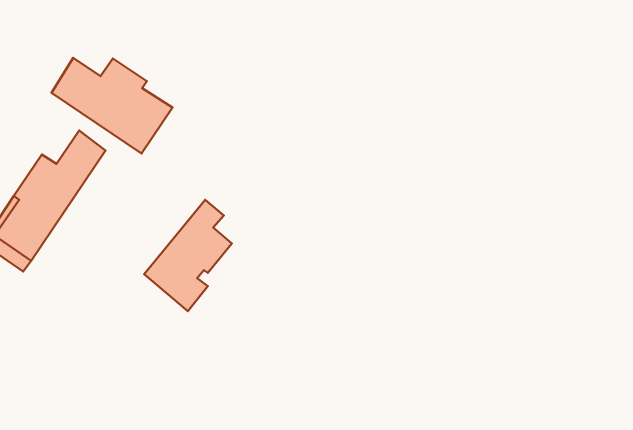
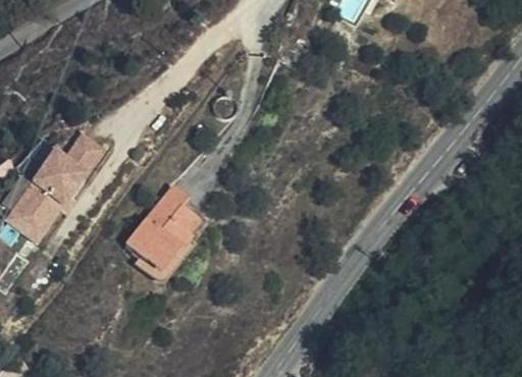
building: [51,58,173,154] -> none

